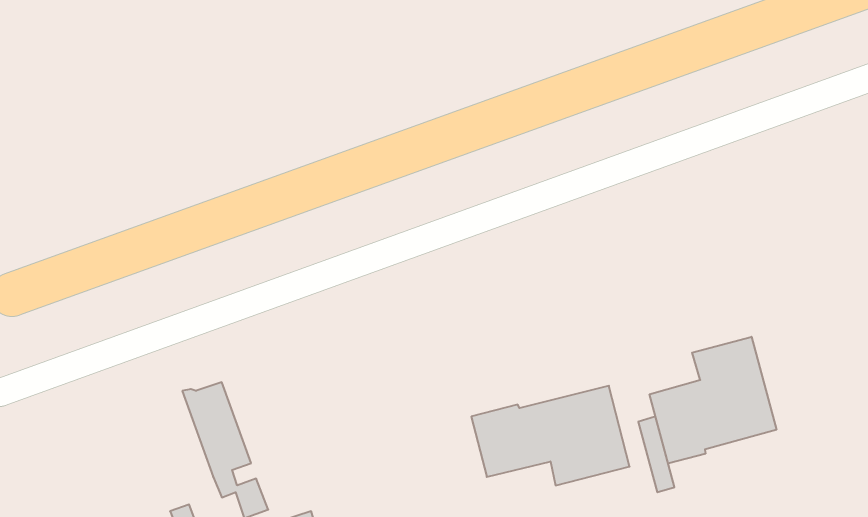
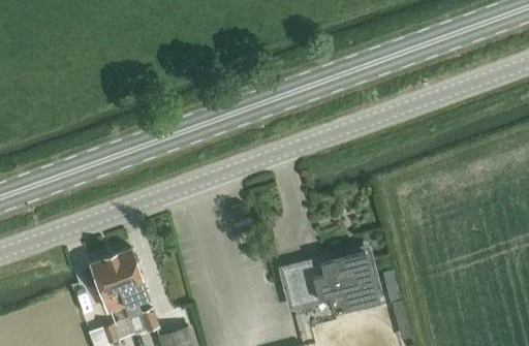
building: [650,337,776,464] -> none
building: none -> [91,256,133,321]

